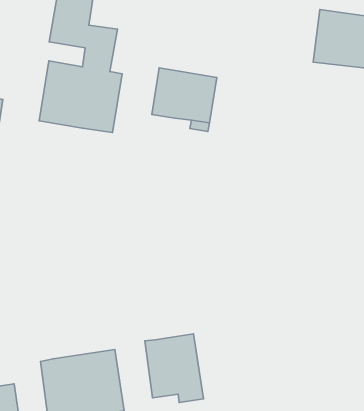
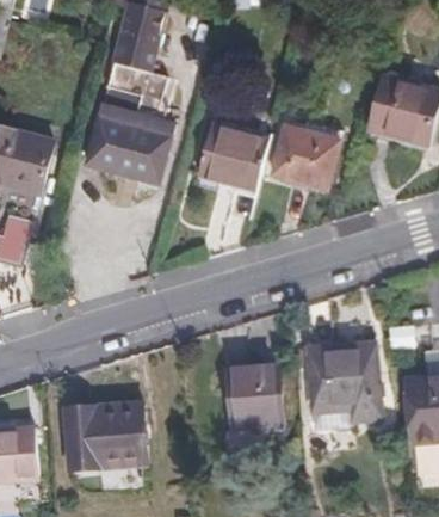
building: none -> [267,123,334,186]
building: none -> [311,347,381,420]
building: [145,334,203,402] -> [228,365,282,433]

